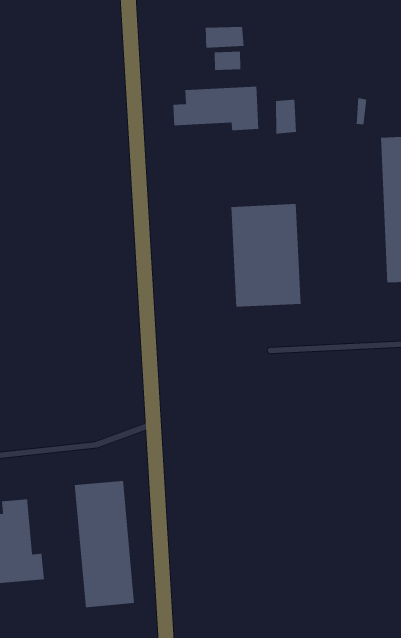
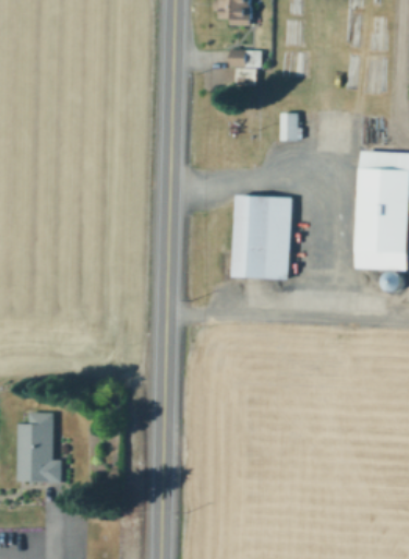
building: [173,86,259,131] -> none
building: [74,480,135,608] -> none

